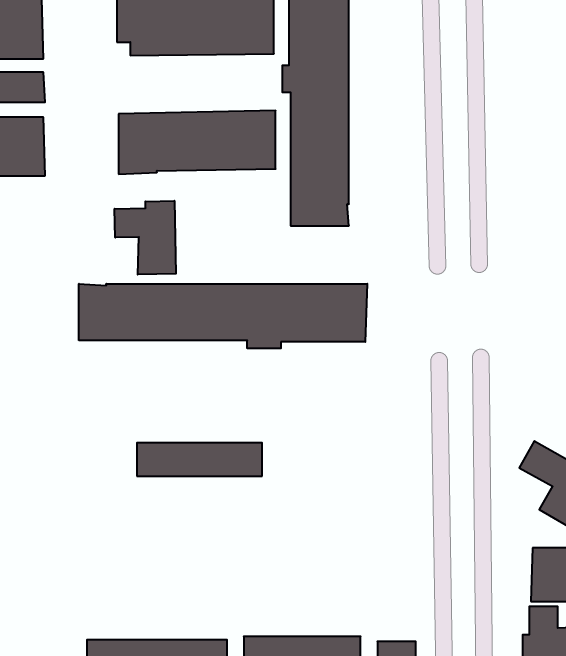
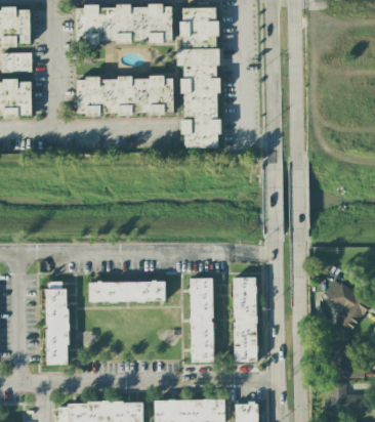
building: [115,201,176,275] -> none
building: [79,284,367,348] -> none
building: none -> [234,276,257,362]
building: none -> [190,277,214,363]
building: none -> [45,282,69,365]

